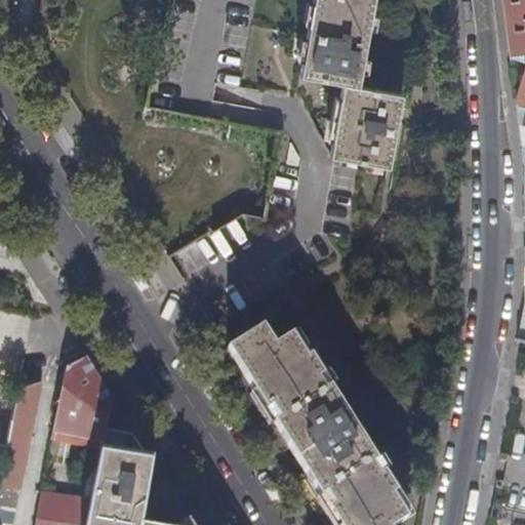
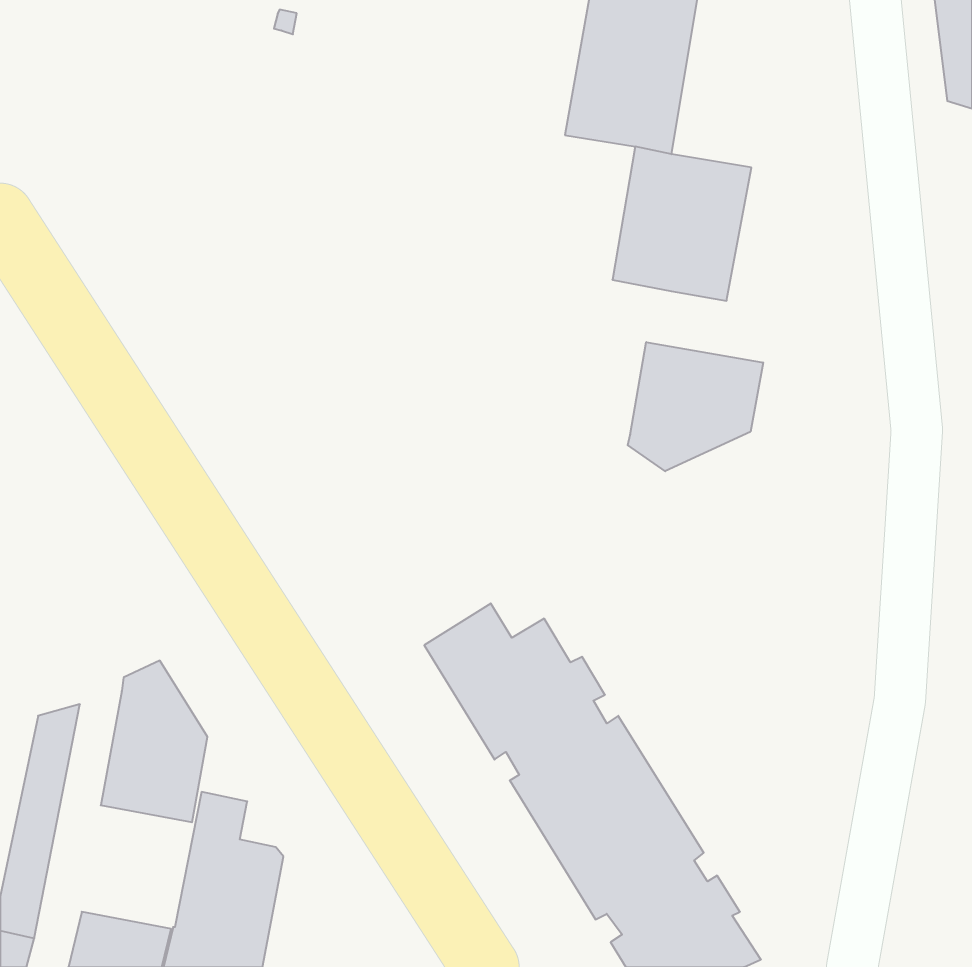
building: none -> [628,342,763,471]

